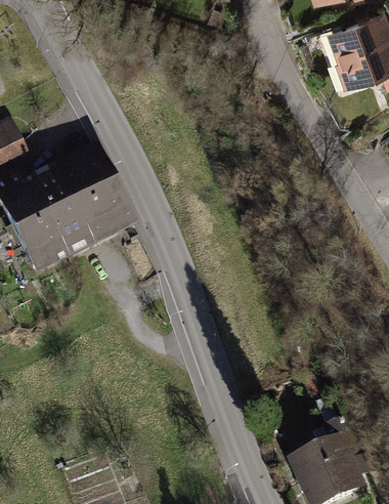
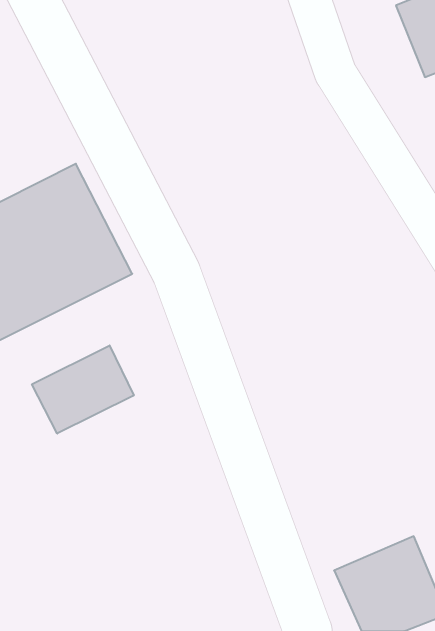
building: none -> [32,345,134,434]

